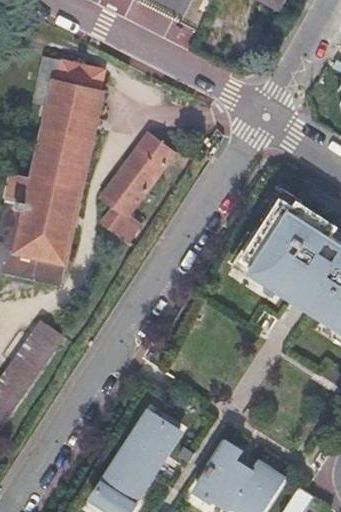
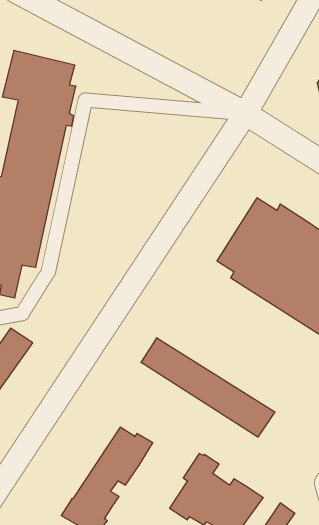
building: [102,134,174,239] -> none
building: none -> [141,338,275,437]

